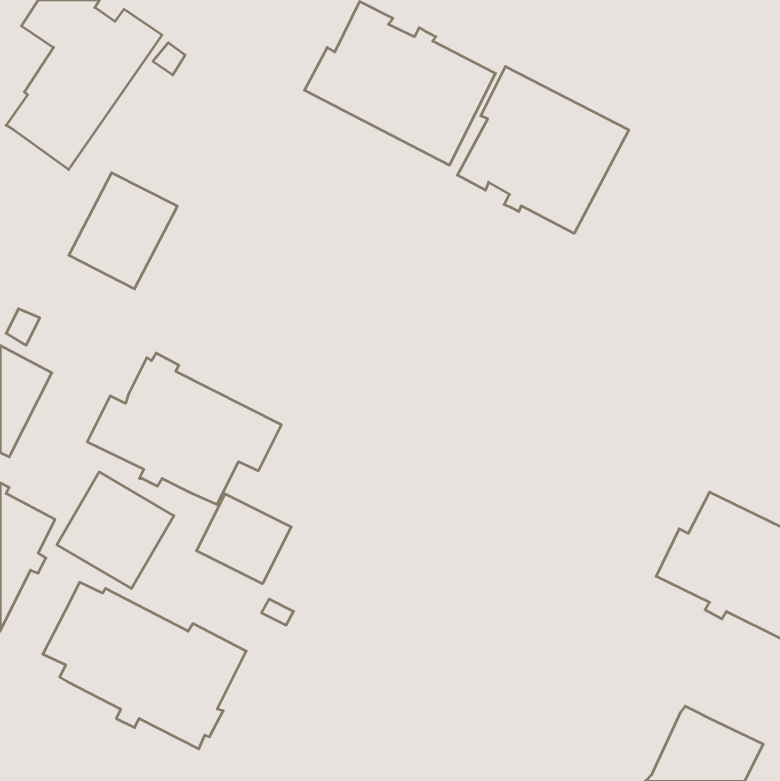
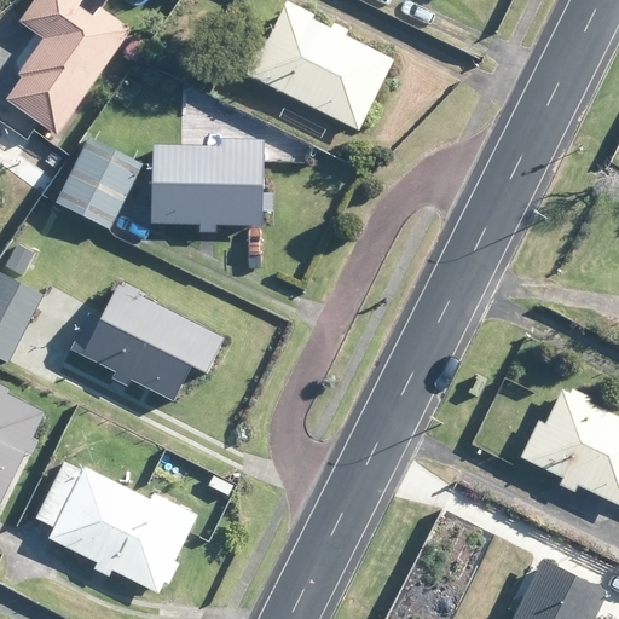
building: [457,66,629,233] -> none
building: none -> [150,138,272,231]
building: [57,472,174,589] -> none
building: [196,494,291,584] -> none

